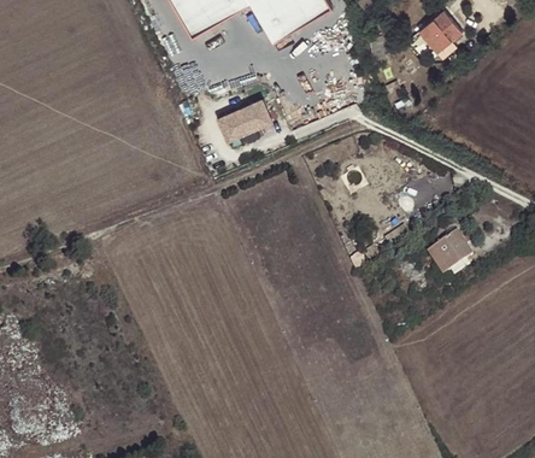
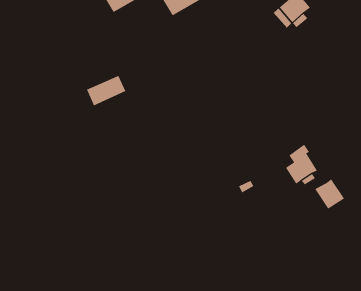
building: [218,98,272,140] -> [86,75,126,106]
building: none -> [315,178,345,210]

